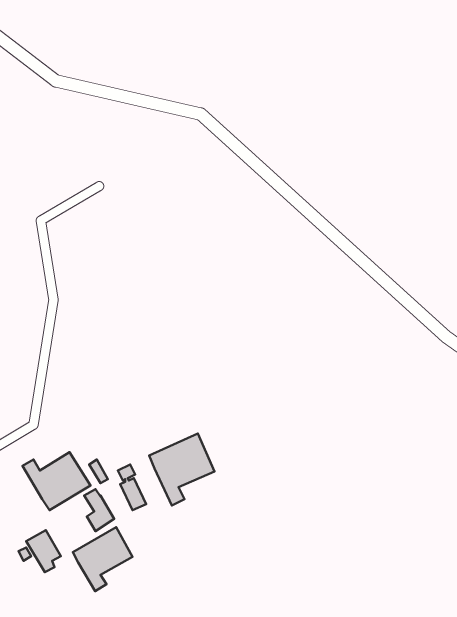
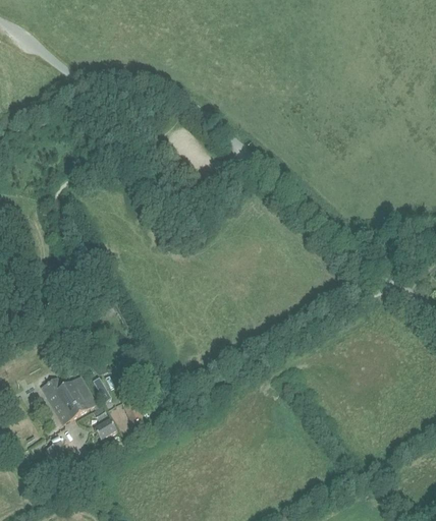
building: [149,434,214,506] -> none
building: [73,527,133,591] -> none

